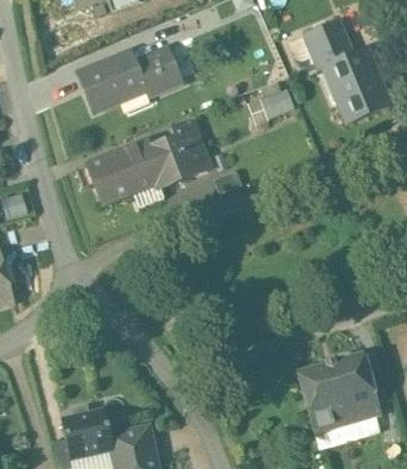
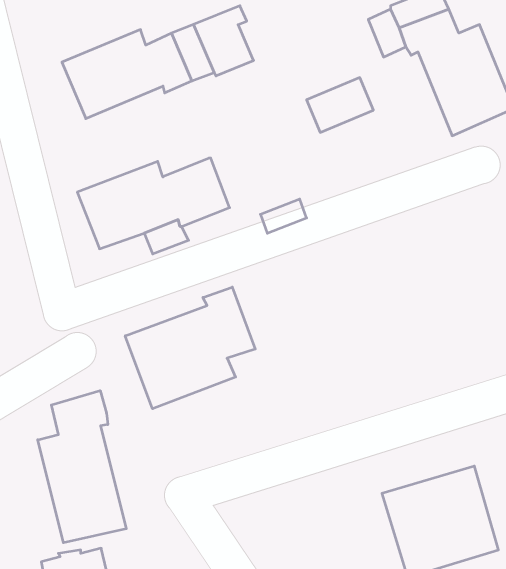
building: [174,121,210,175] -> none
building: none -> [125,287,255,409]
building: none -> [38,391,126,543]

